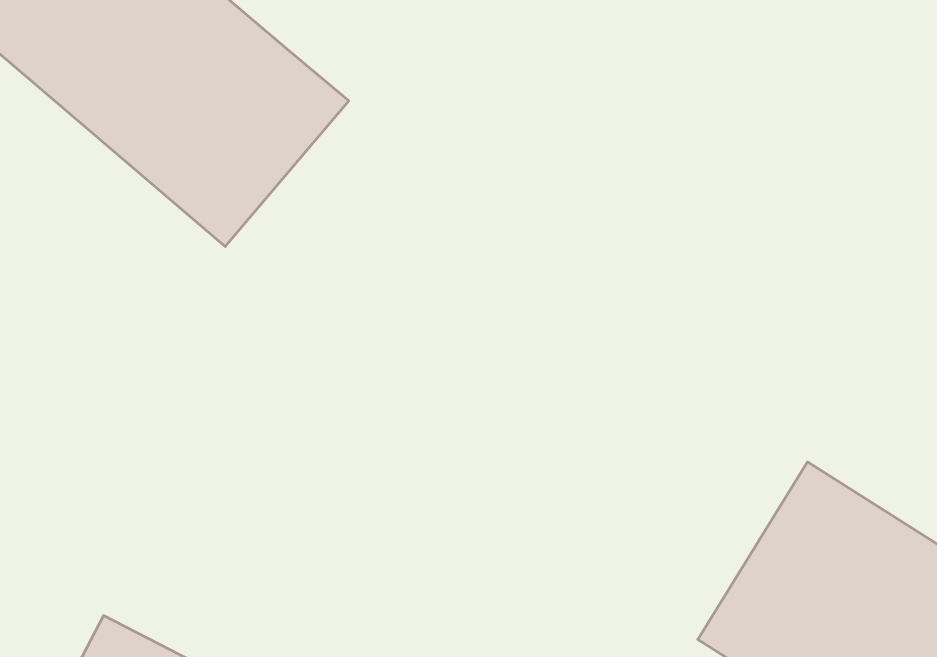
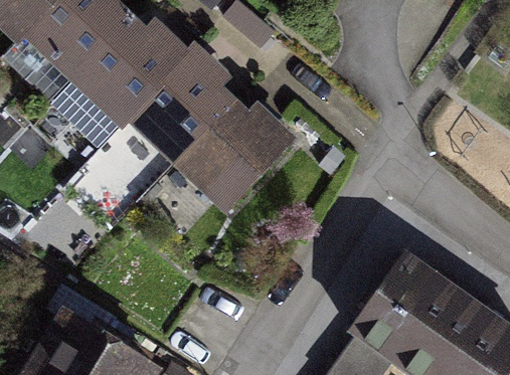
building: none -> [134,65,293,220]

